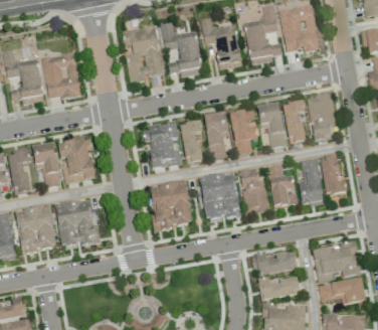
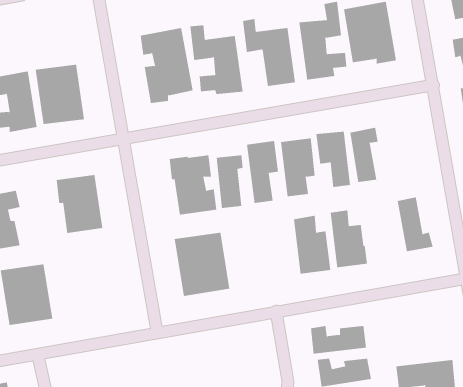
building: [308,93,336,140] -> none
building: [33,143,58,186] -> none
building: [300,158,322,204] -> none
building: [200,172,239,219] -> none
building: [55,198,101,248] -> none
building: [314,239,360,280] -> none

